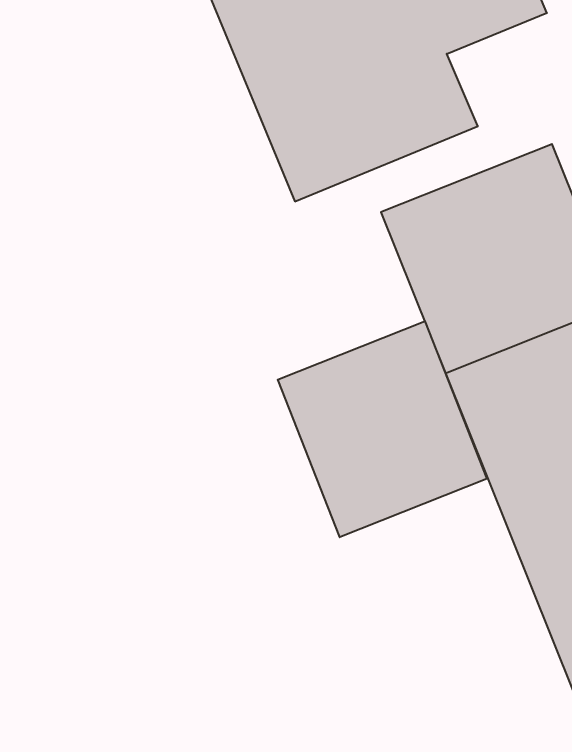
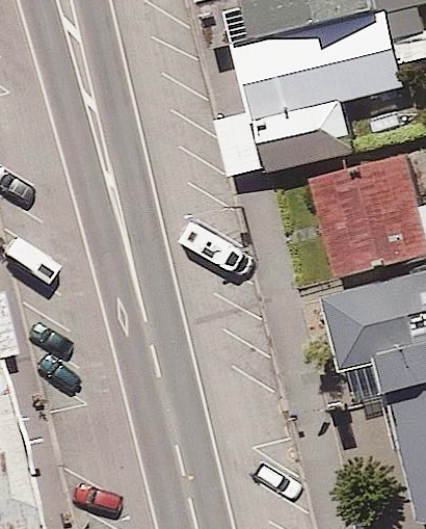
building: [278,321,487,537] -> none

